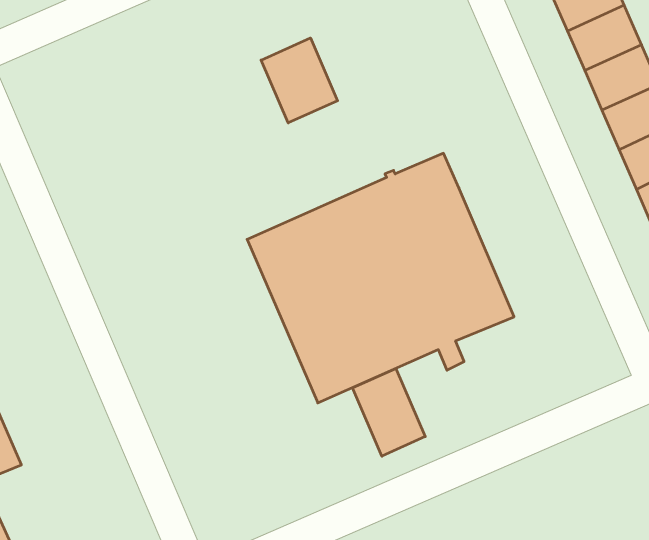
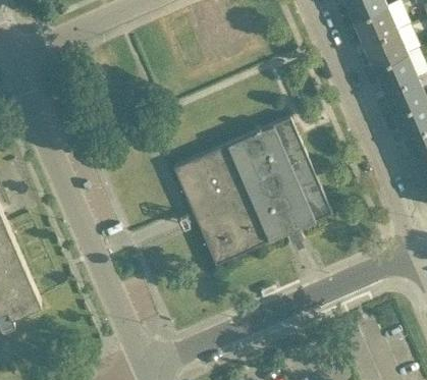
building: [261,38,338,123] -> none
building: [352,368,425,456] -> none

